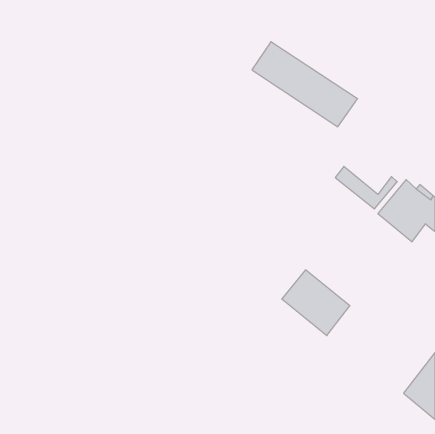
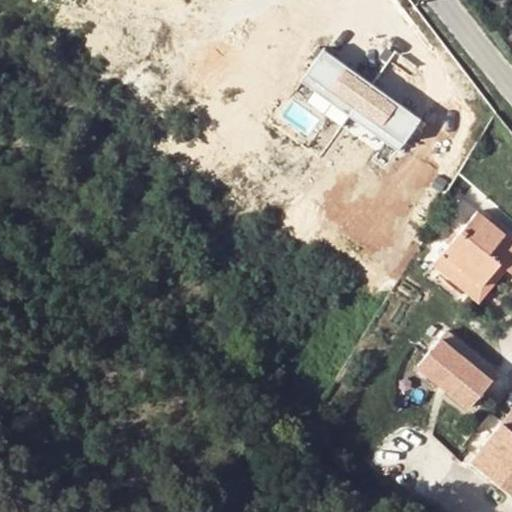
building: [335,166,397,209] -> [434,252,507,302]
building: [282,270,350,336] -> [417,335,497,412]

